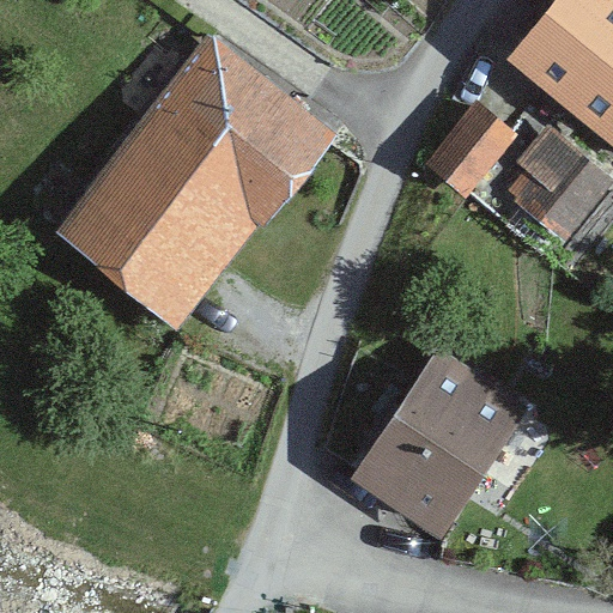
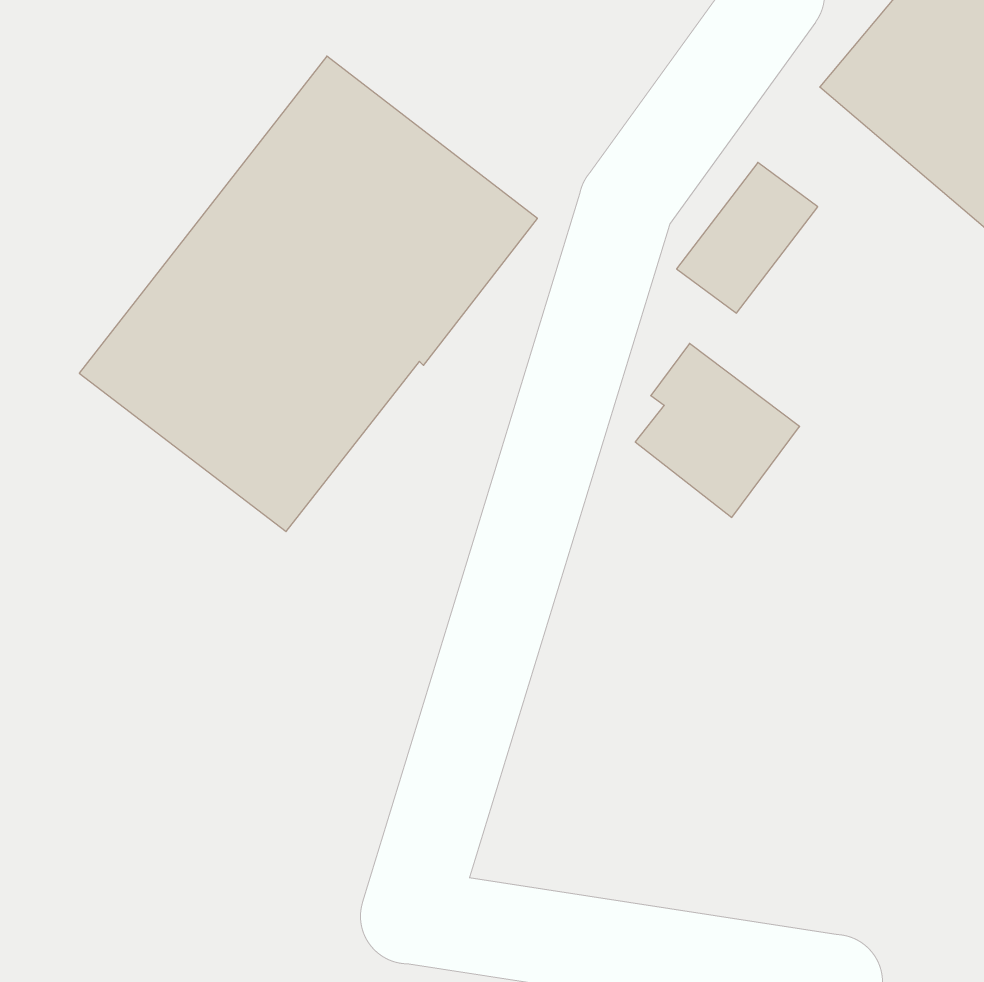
building: [505,132,607,239] -> [635,343,800,517]
building: [354,348,528,535] -> none

